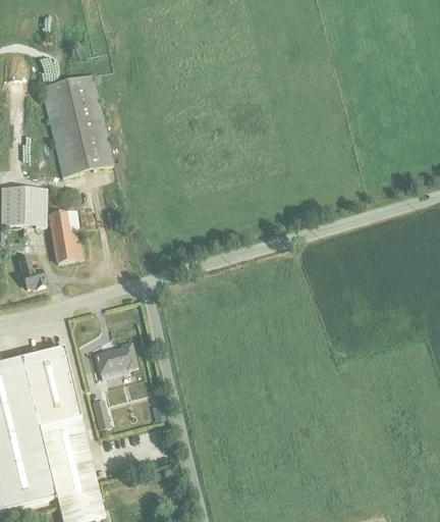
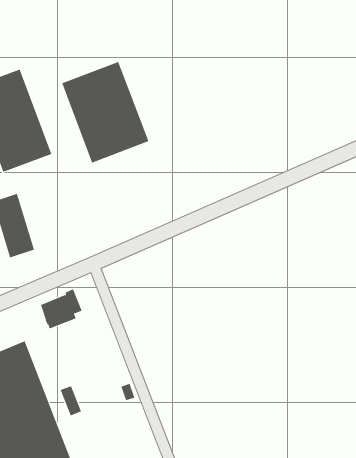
building: none -> [61,61,149,163]
building: [95,342,136,379] -> [40,289,82,329]

